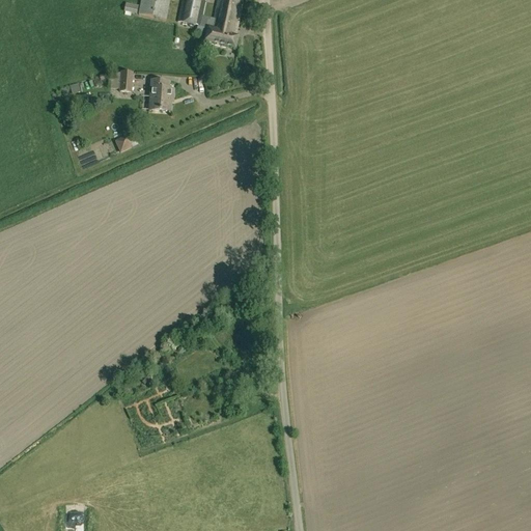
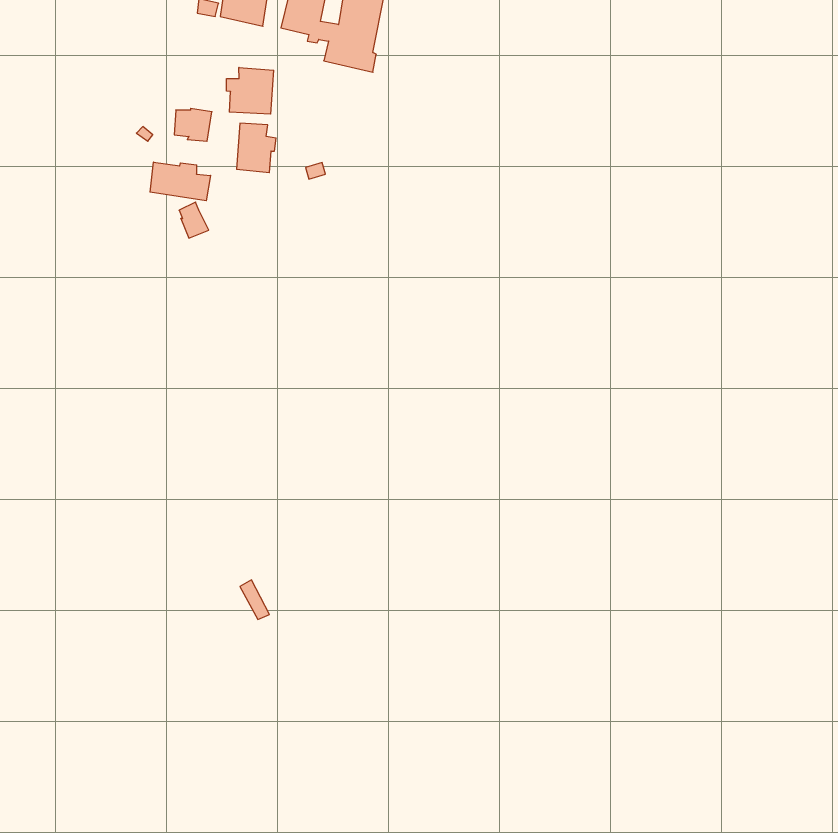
building: none -> [227,67,274,114]
building: none -> [150,162,211,201]

